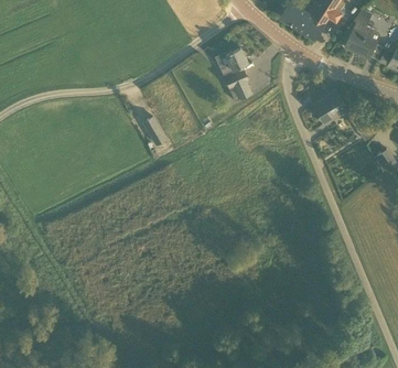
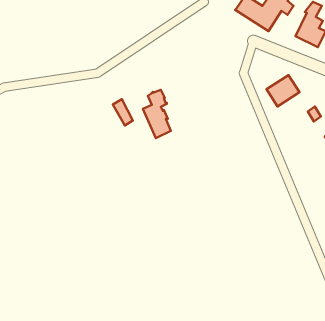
building: [220,48,251,101] -> [143,90,171,138]

